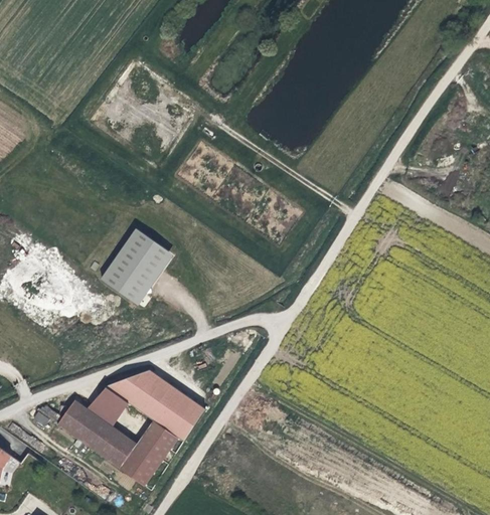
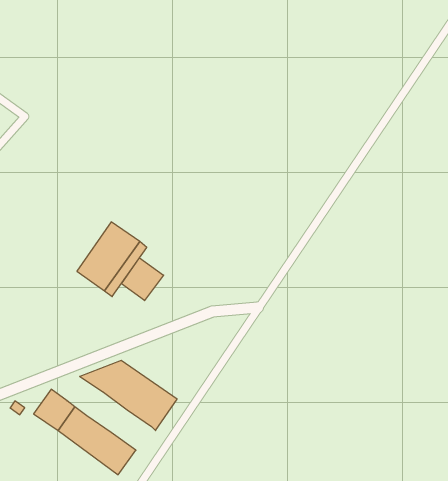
building: none -> [122,258,164,301]
building: [92,387,129,425] -> none
building: [137,419,178,461] -> none

